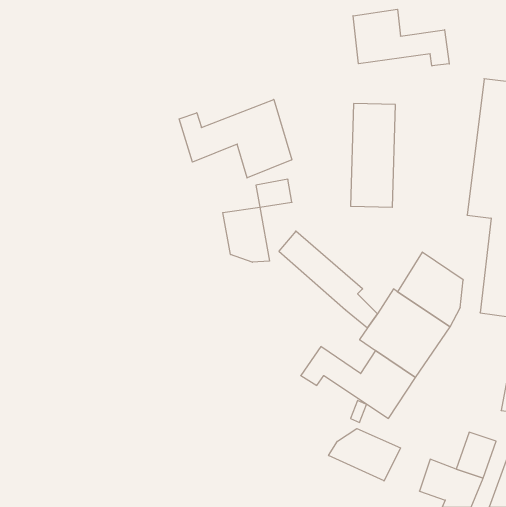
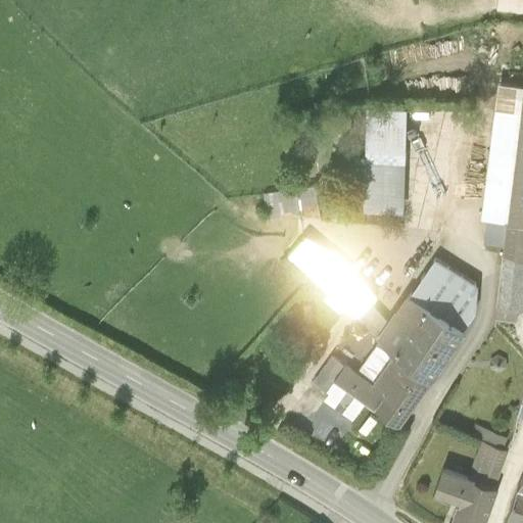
building: [353,9,449,66] -> none
building: [179,99,292,178] -> none
building: [223,207,269,262] -> none
building: [329,429,400,481] -> none

